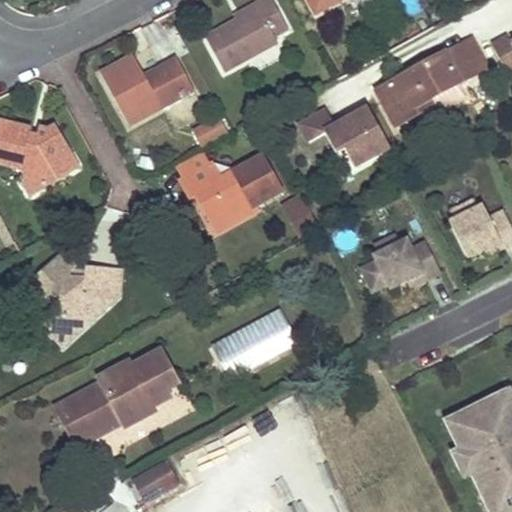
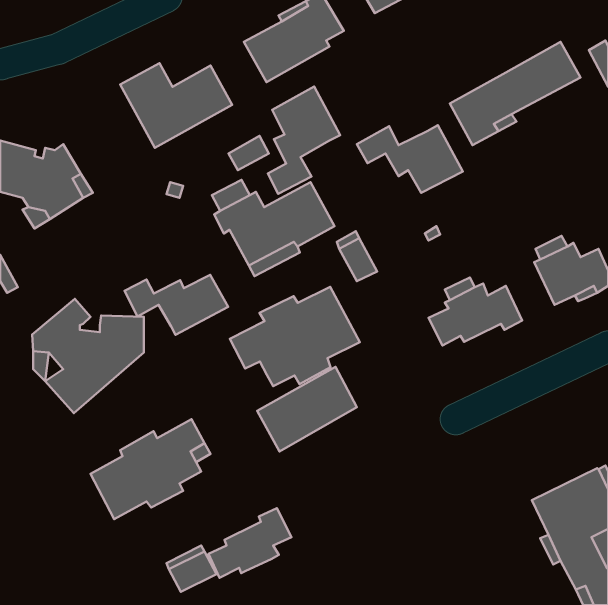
building: none -> [268,87,340,194]
building: none -> [124,275,228,335]
building: none -> [230,287,360,386]
building: [58,398,96,446] -> none
building: none -> [208,508,291,578]

